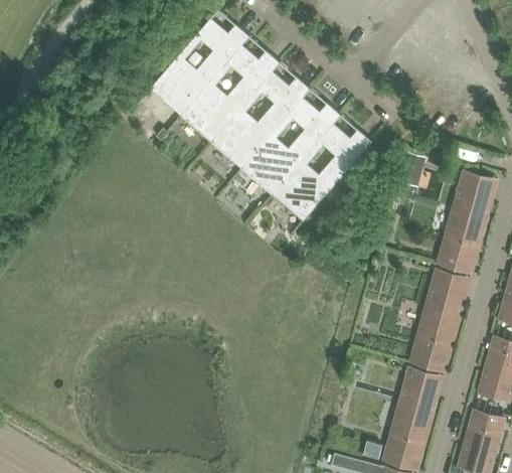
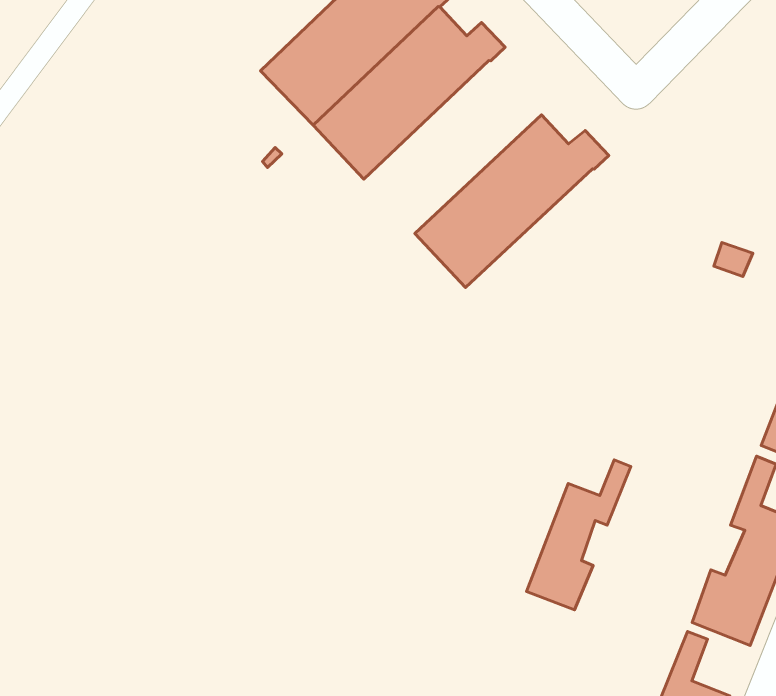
building: [211,71,310,168] -> none
building: [272,124,371,221] -> none
building: none -> [526,460,631,610]

